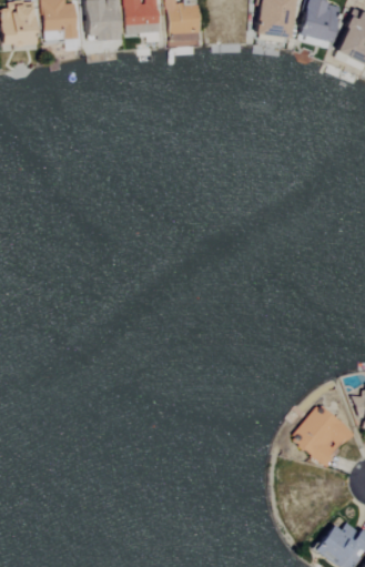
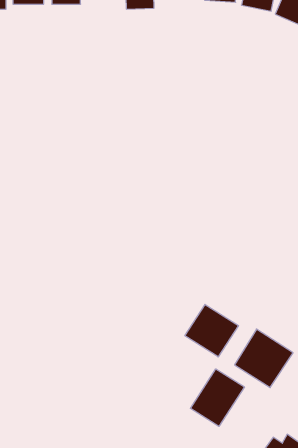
building: none -> [185,304,238,357]
building: none -> [190,369,244,426]

